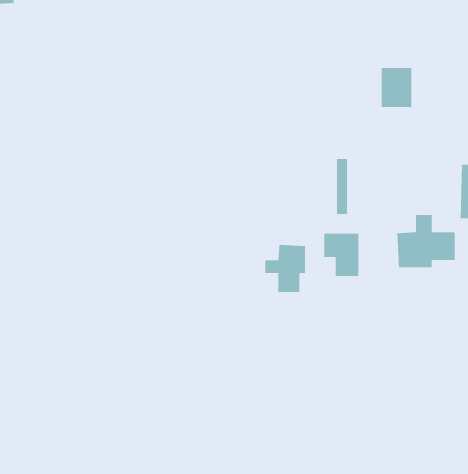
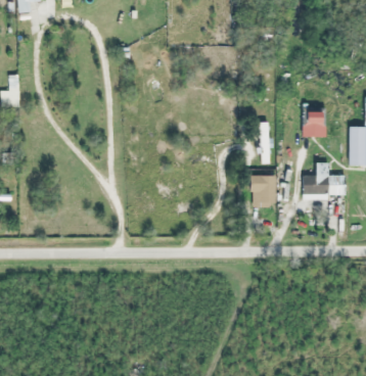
building: [381,67,412,108] -> [303,108,325,137]
building: [265,244,305,293] -> none

